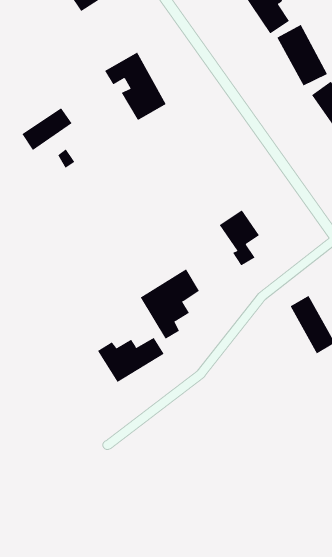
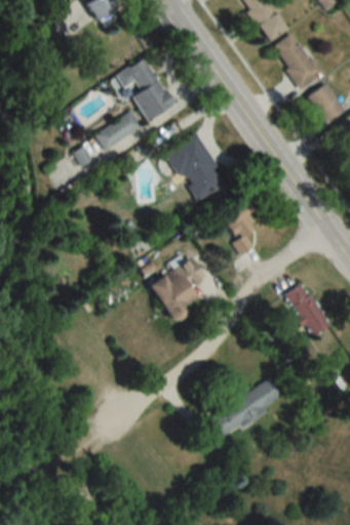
building: [21,107,73,151] -> [94,111,142,151]
building: none -> [166,134,227,203]
building: [97,337,164,383] -> none
building: none -> [212,380,283,437]

